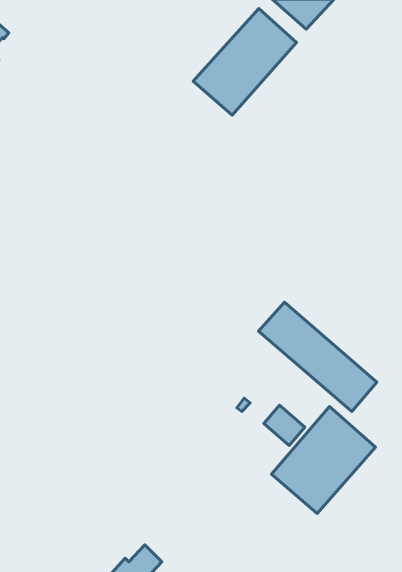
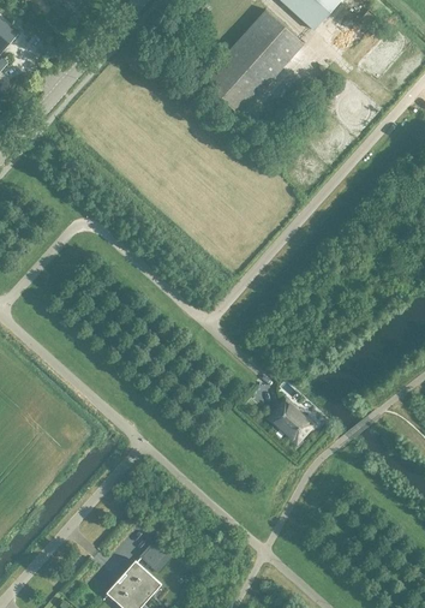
building: [258,302,377,411] -> none
building: [271,407,376,513] -> none

